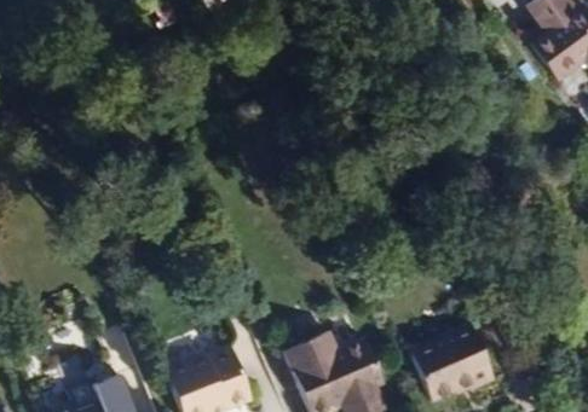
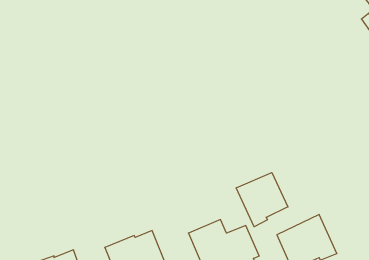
building: none -> [236,173,288,227]

